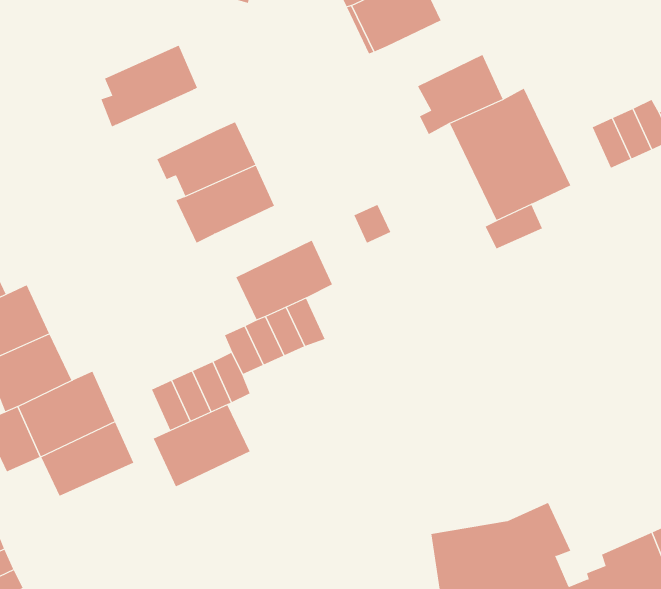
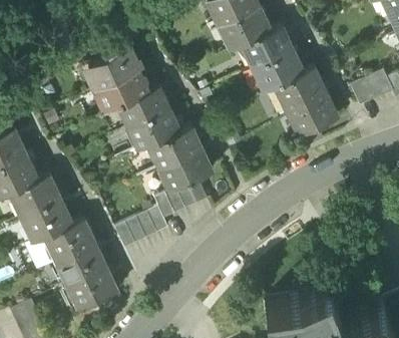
building: none -> [240,24,291,66]
building: none -> [94,66,147,107]
building: none -> [147,124,200,166]
building: [153,405,250,487] -> [64,266,116,310]

